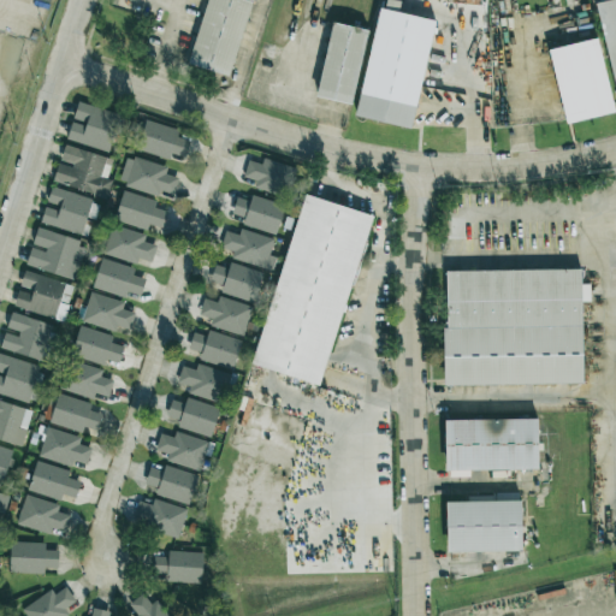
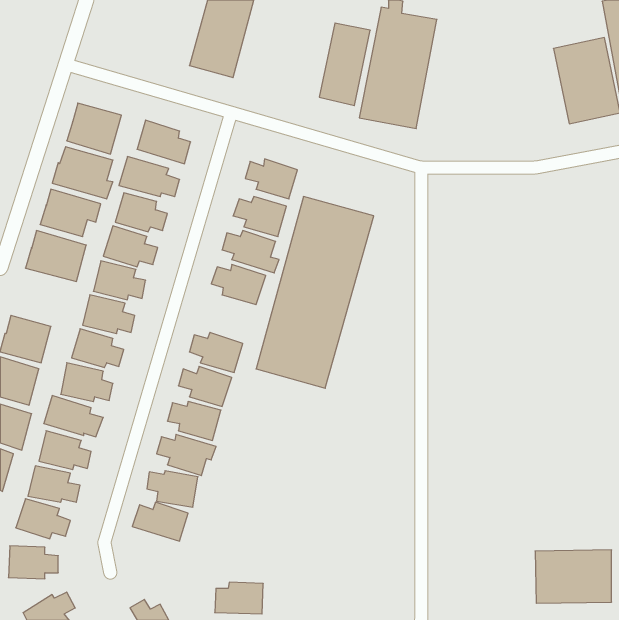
building: [14,271,75,321] -> none
building: [445,271,582,384] -> none
building: [200,297,253,336] -> none
building: [445,419,538,469] -> none
building: [446,500,522,553] -> [535,550,612,603]
building: [155,551,203,582] -> [215,582,263,614]

